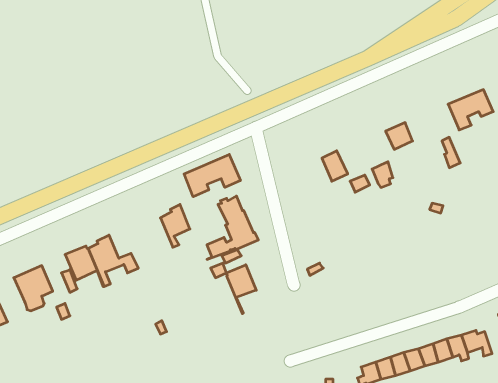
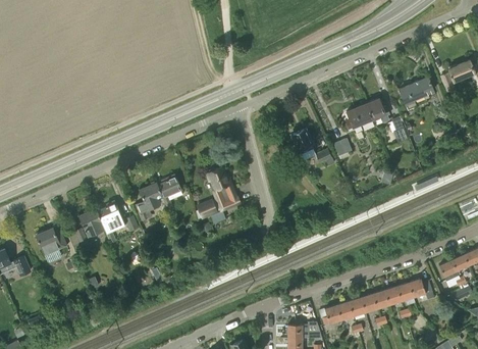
building: none -> [362,98,389,122]
building: [184,154,240,197] -> none
building: none -> [136,182,168,222]
building: [227,265,256,314] -> none

